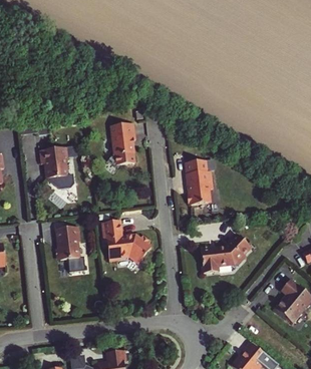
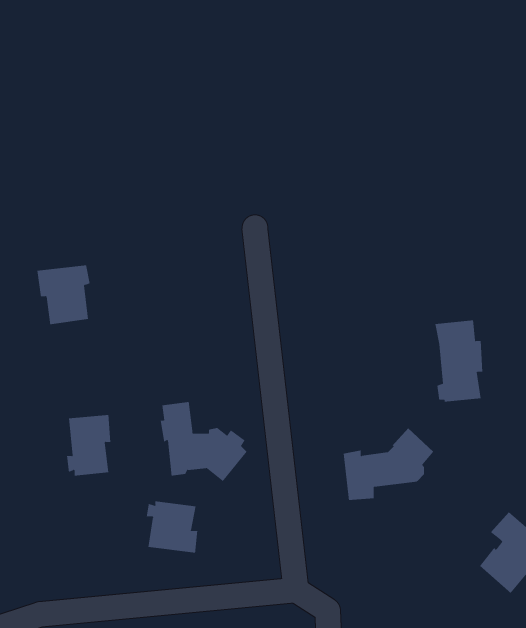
building: [111,122,135,154] -> none
building: [188,159,214,204] -> [435,320,483,402]
building: none -> [146,500,198,554]

